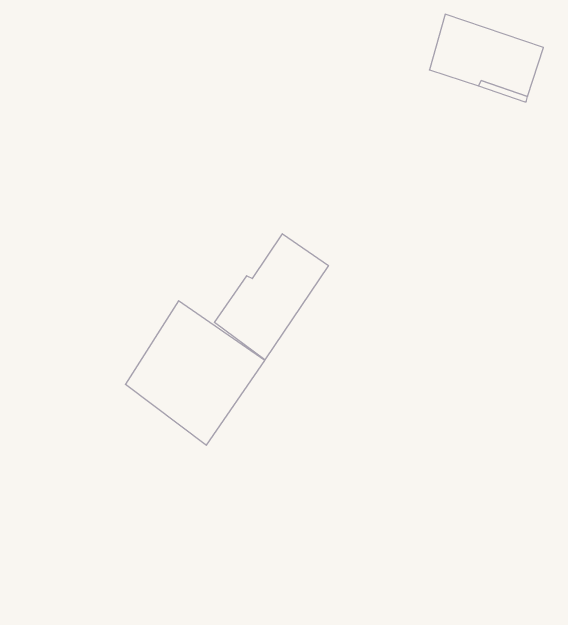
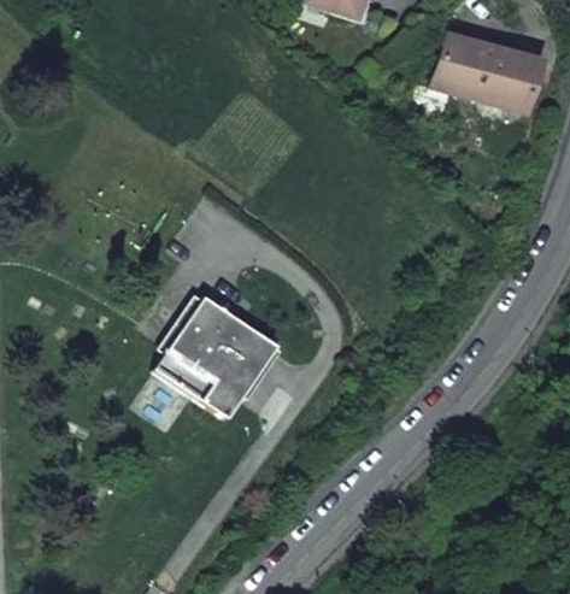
building: [214,234,328,360] -> none

